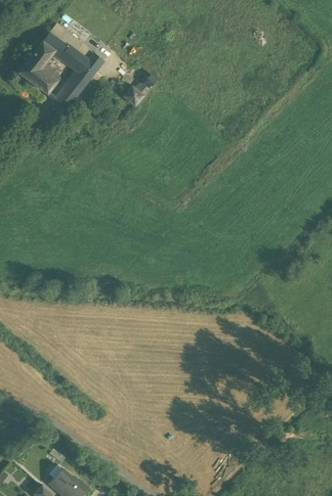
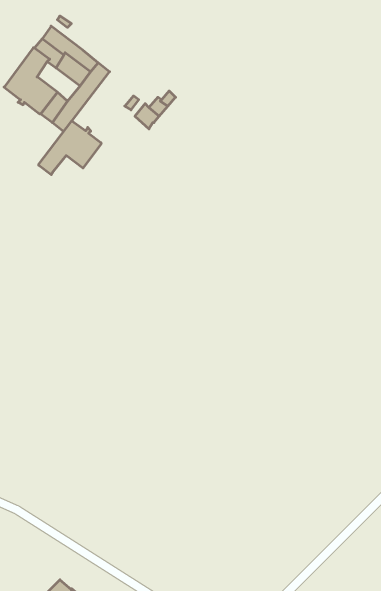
building: none -> [39,121,101,175]

